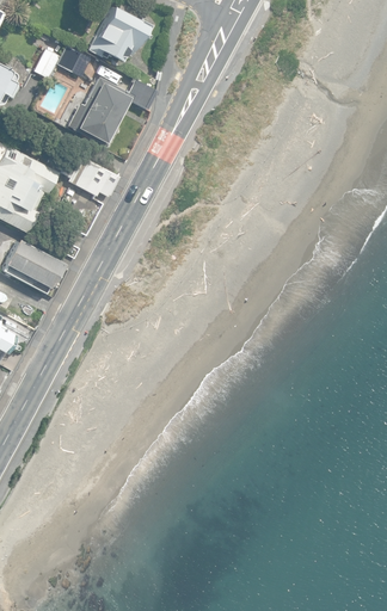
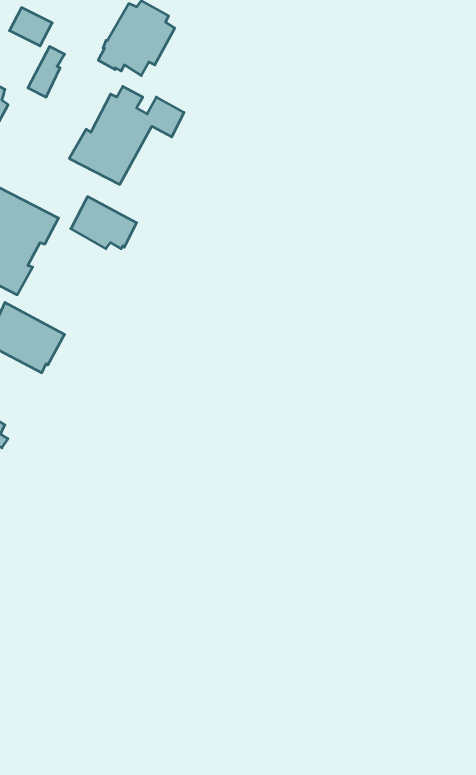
building: [57,47,91,76] -> [9,8,52,46]

